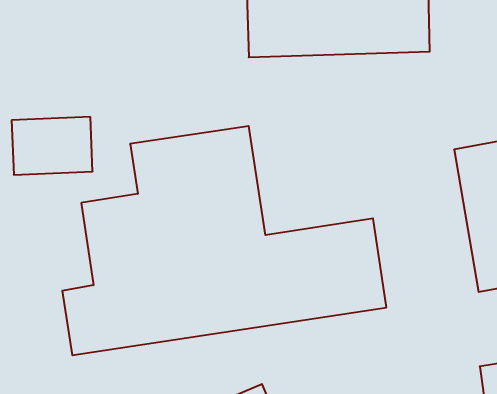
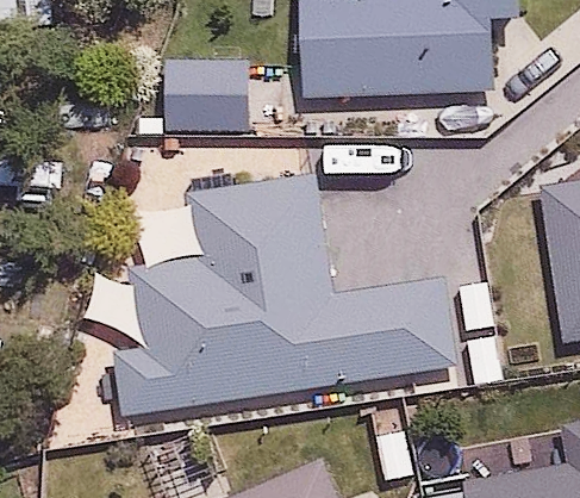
building: [12,117,93,175] -> [155,71,242,133]

